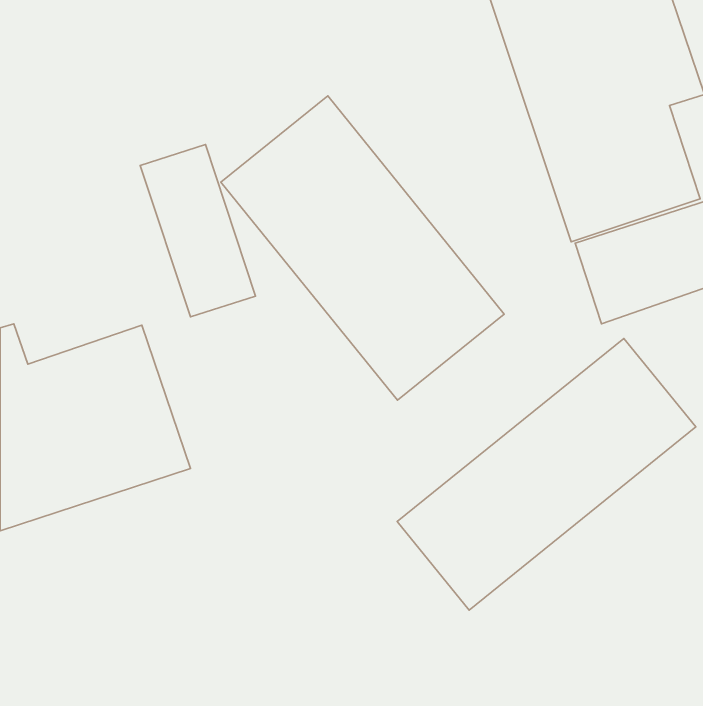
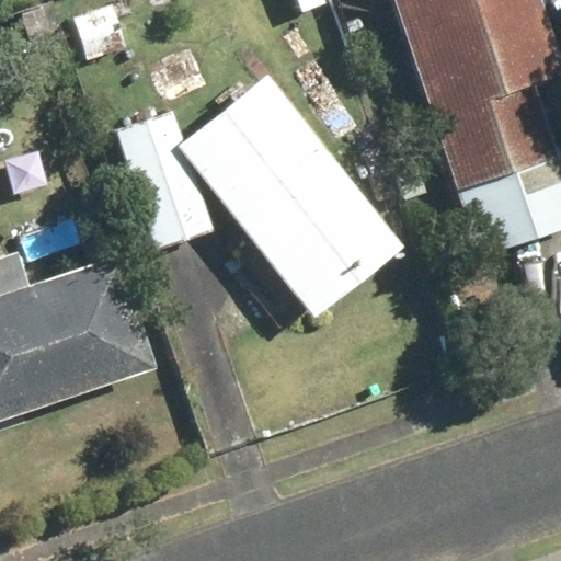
building: [397,338,696,610] -> none

